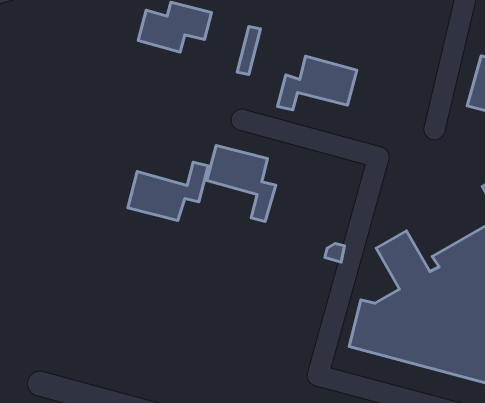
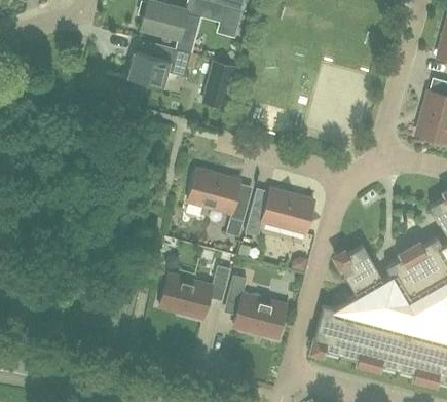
building: [278,56,357,110] -> [245,188,314,235]
building: [128,162,208,221] -> [159,265,230,317]
building: none -> [226,275,287,336]

